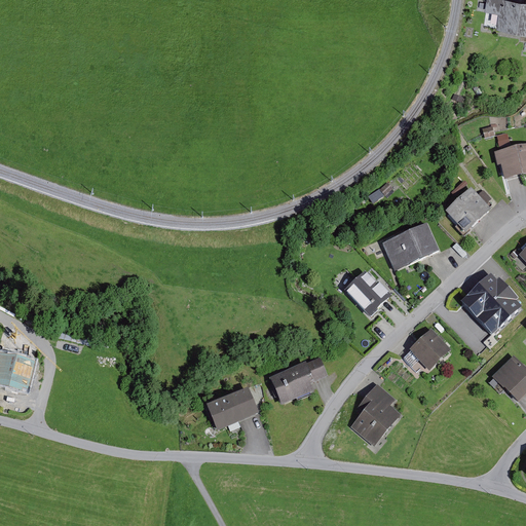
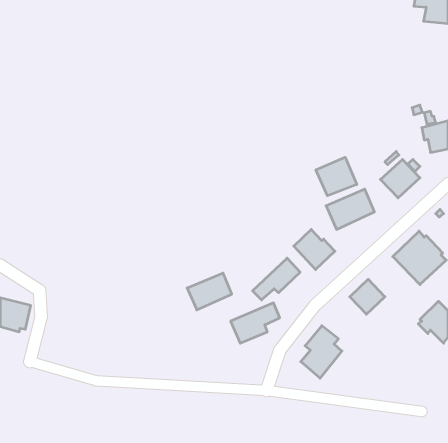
building: none -> [316,157,357,196]
building: none -> [253,258,300,300]
building: [206,386,259,429] -> [187,273,232,310]

